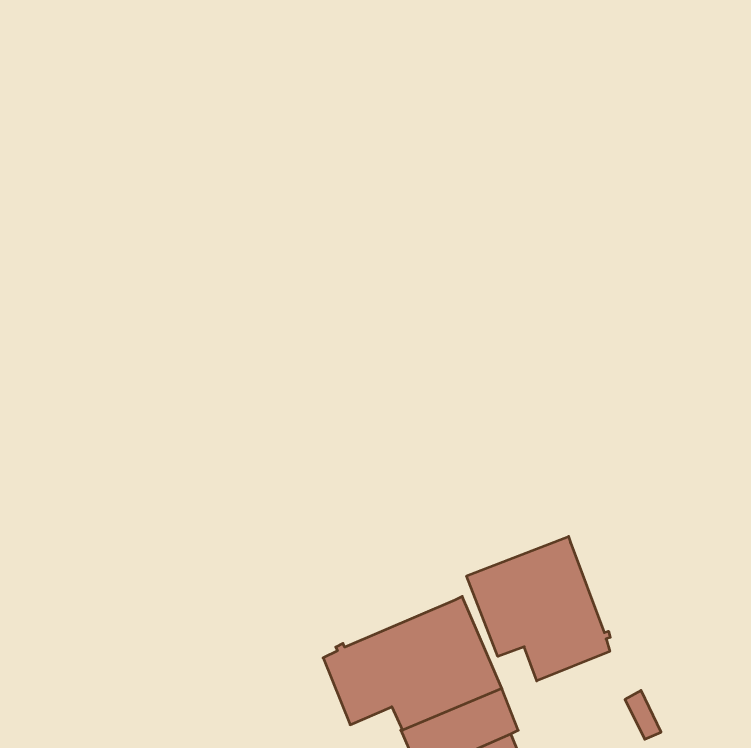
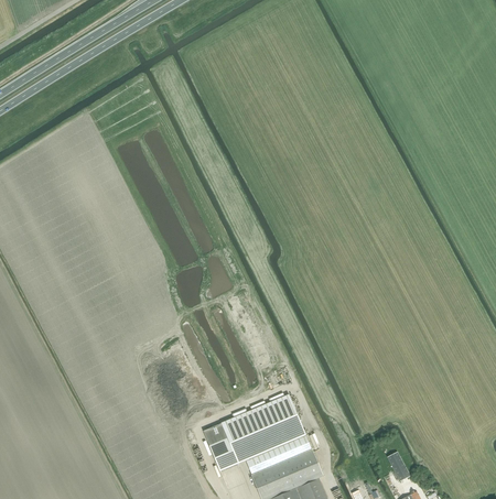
building: [467,536,610,681] -> none

